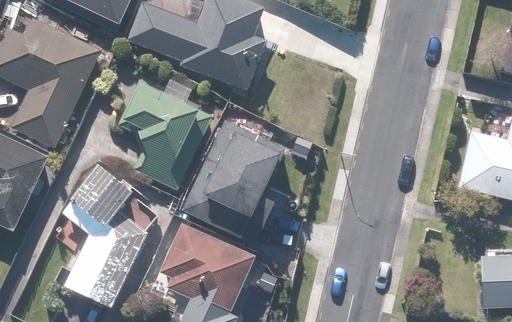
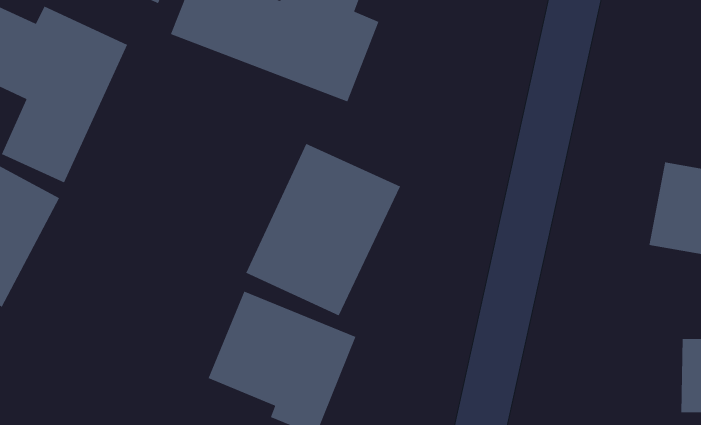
building: [116,76,211,187] -> none
building: [64,159,155,308] -> none

